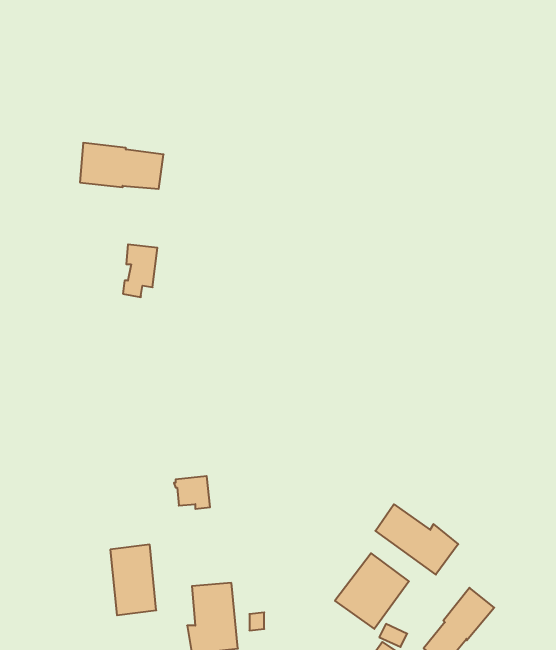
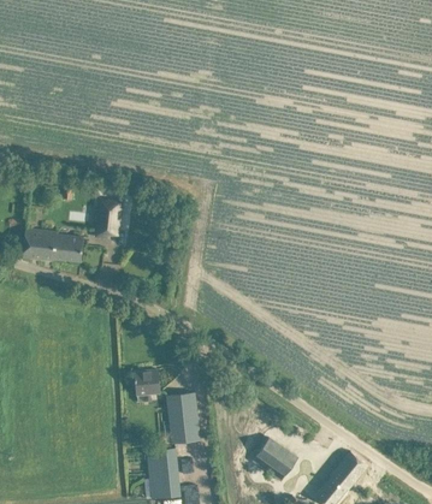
building: [80,143,164,189] -> [23,229,84,262]
building: [375,504,458,575] -> none
building: [110,545,156,615] -> [166,393,200,445]

